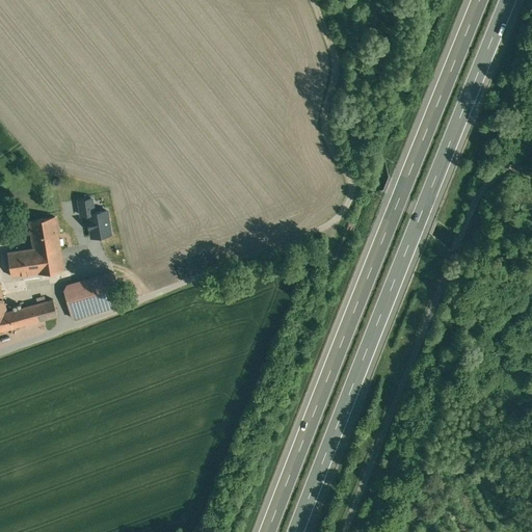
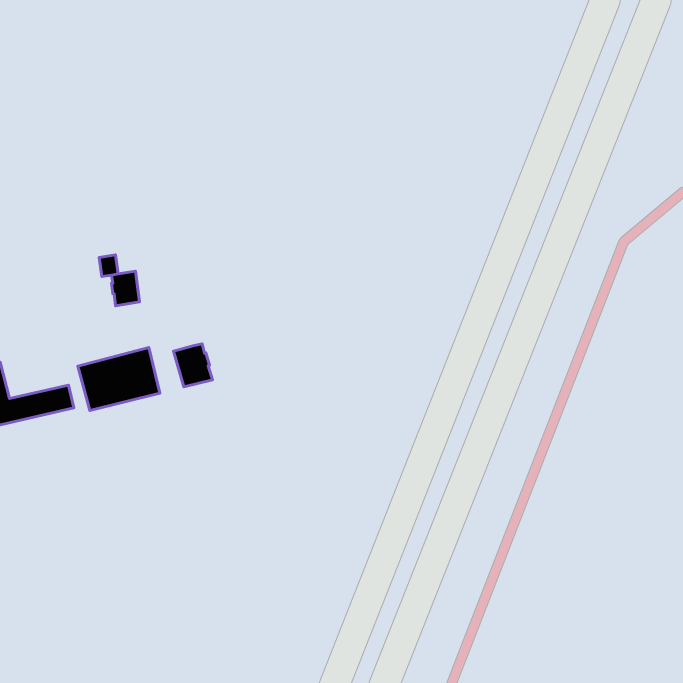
building: [7,218,61,277] -> none
building: none -> [173,344,212,387]

